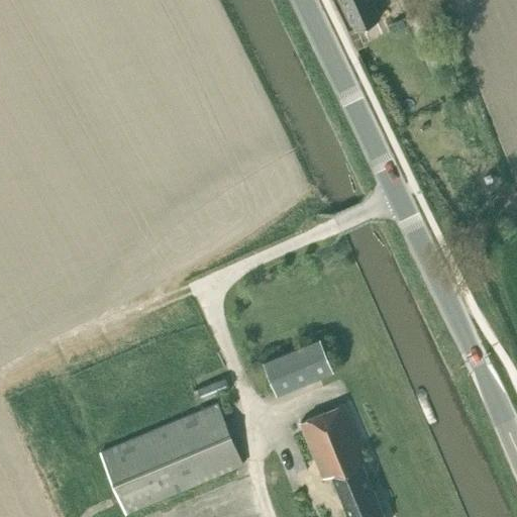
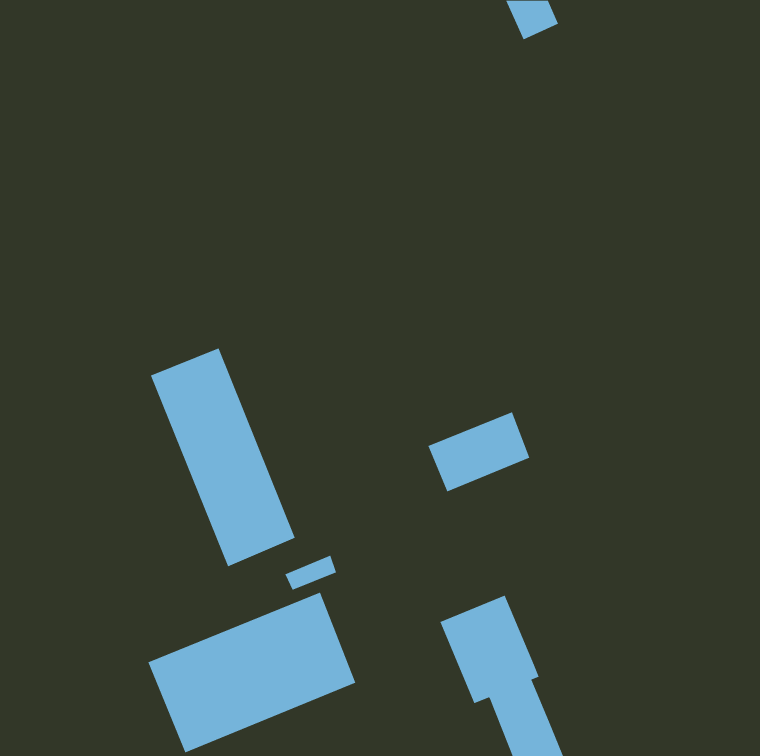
building: none -> [150,348,296,567]
building: [263,340,332,395] -> [427,412,530,492]

